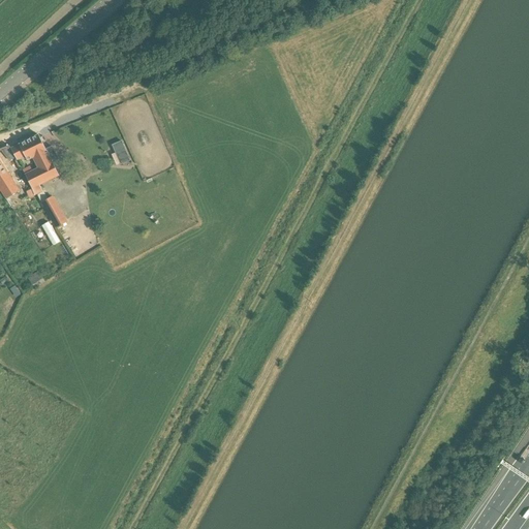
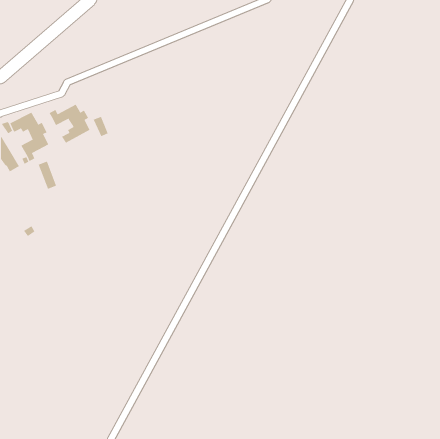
building: none -> [49,104,90,144]

